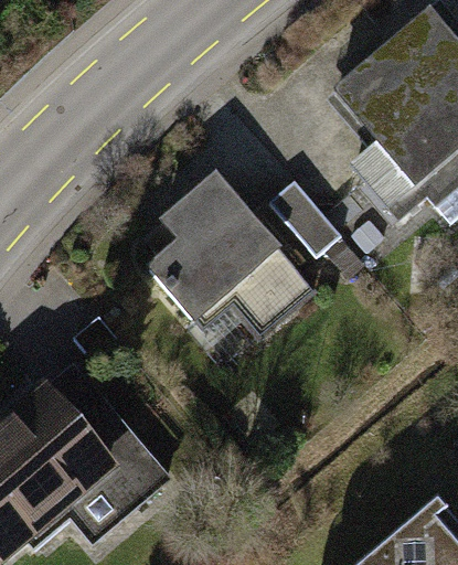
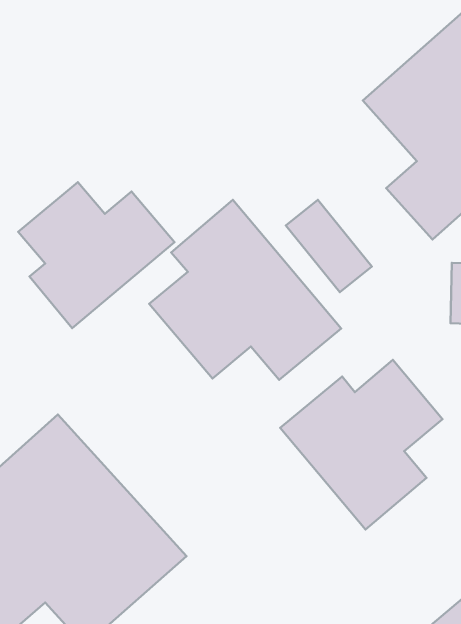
building: none -> [18,182,174,328]
building: none -> [280,360,442,529]

